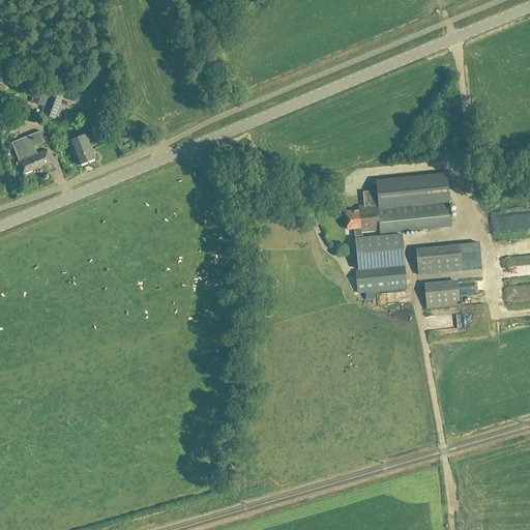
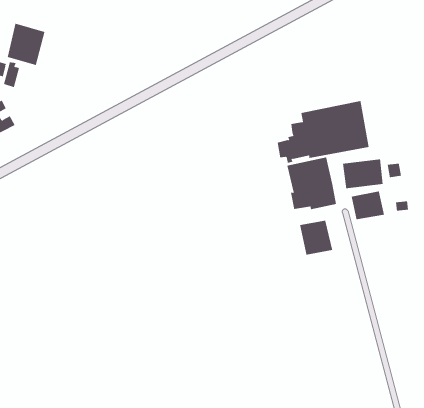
building: none -> [7,23,45,66]
building: [68,128,99,165] -> none
building: none -> [300,220,333,255]

